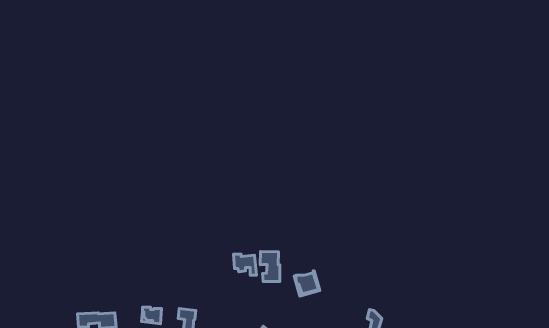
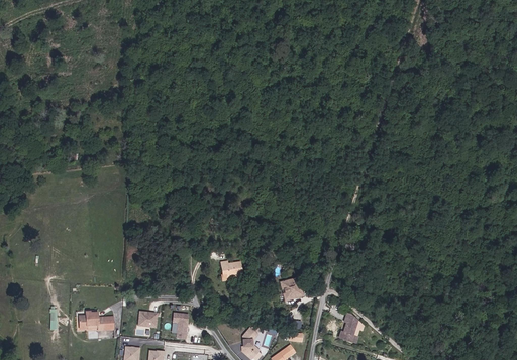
building: [260,251,280,282] -> none

